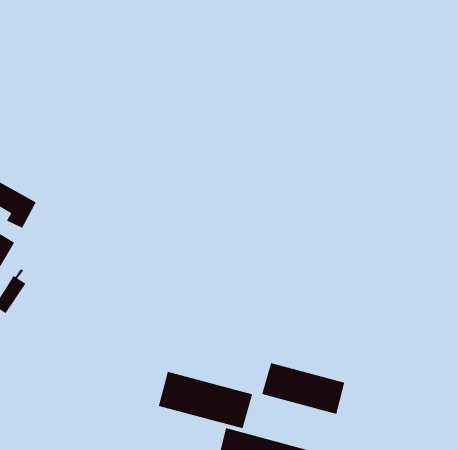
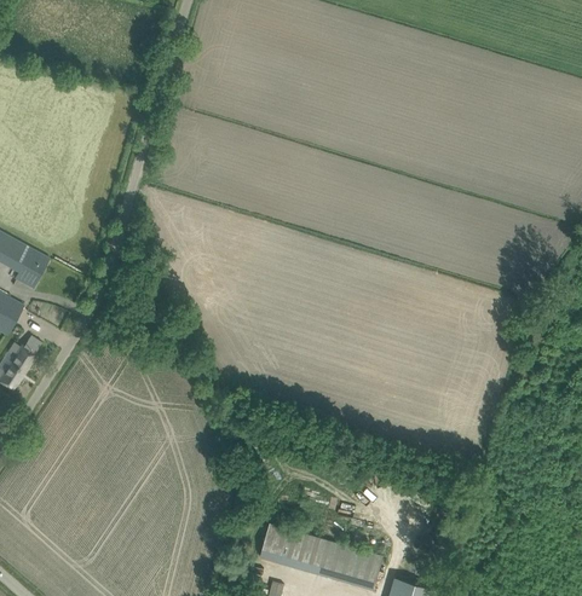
building: [261,362,345,415] -> none
building: [158,371,253,429] -> none

